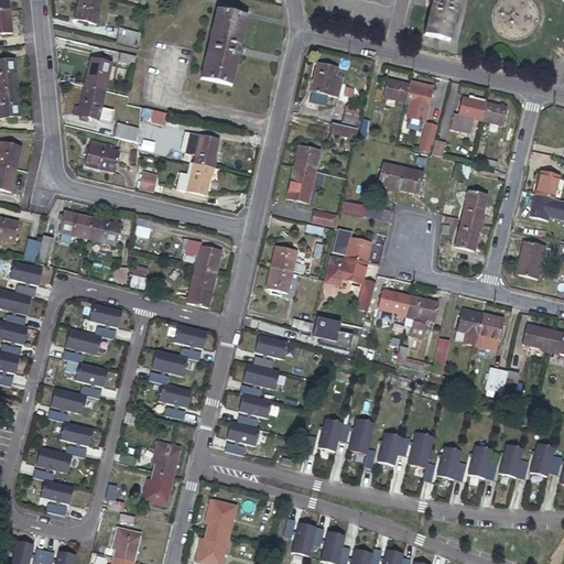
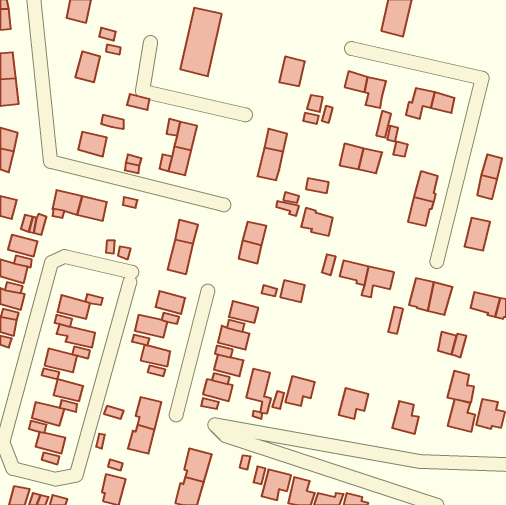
building: [77,86,105,120] -> none
building: [326,258,366,285] -> none
building: [87,304,121,328] -> none
building: [348,419,376,468] -> [246,369,271,413]
building: [406,432,435,484] -> none
building: [467,445,497,480] -> [447,371,474,402]

